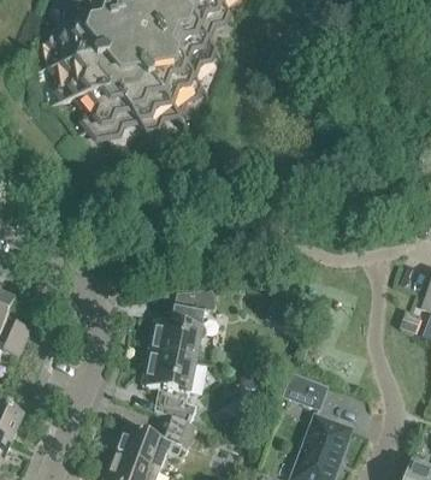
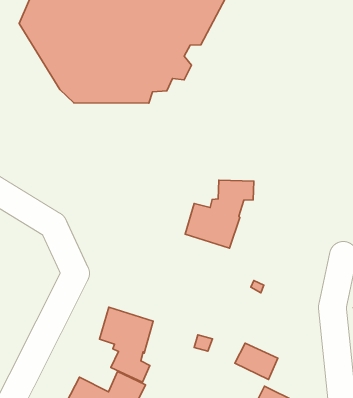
building: [148,288,214,358] -> [185,180,254,248]

